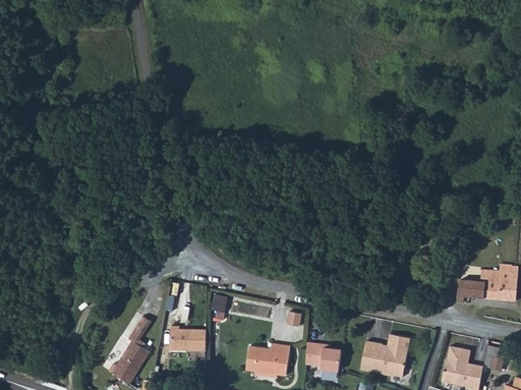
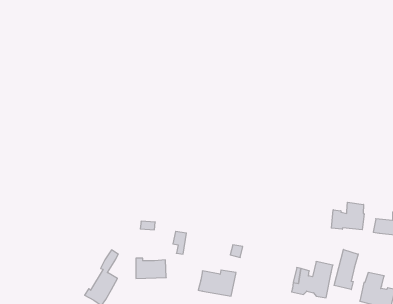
building: none -> [331,202,364,230]
building: none -> [334,249,358,290]
building: [304,343,337,371] -> none

